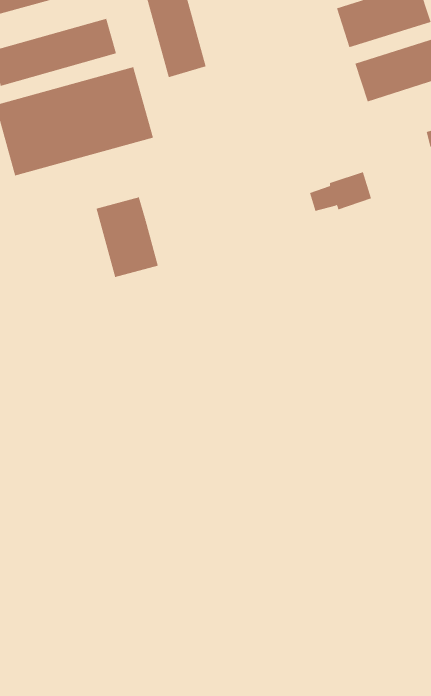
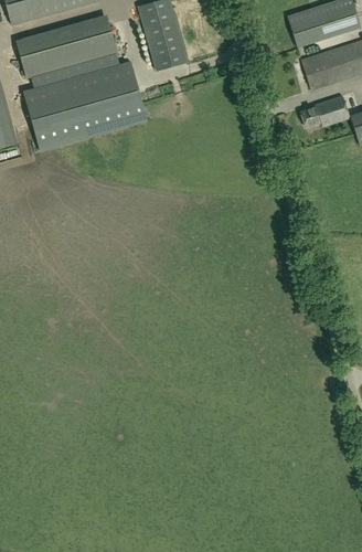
building: [309,172,372,211] -> [299,96,348,127]
building: [96,197,158,278] -> none

